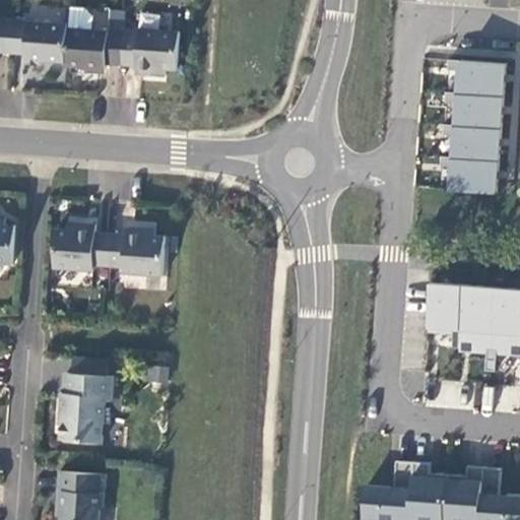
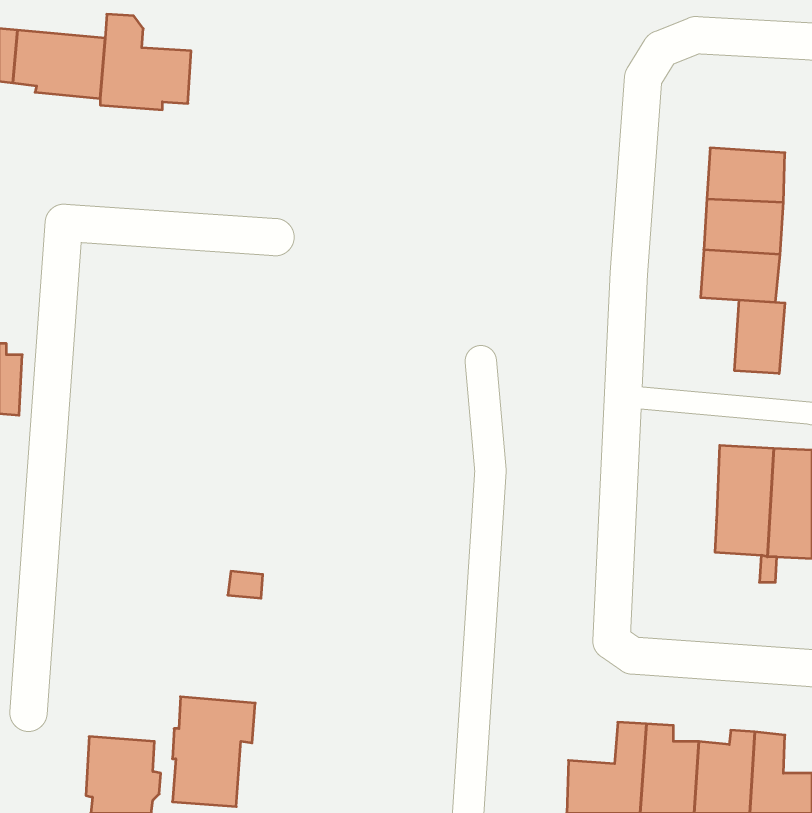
building: [120,29,178,77] -> none
building: [453,61,504,98] -> none
building: none -> [735,300,785,374]
building: [53,223,164,276] -> none
building: [426,283,459,332] -> none
building: [60,372,113,442] -> [172,697,255,807]

